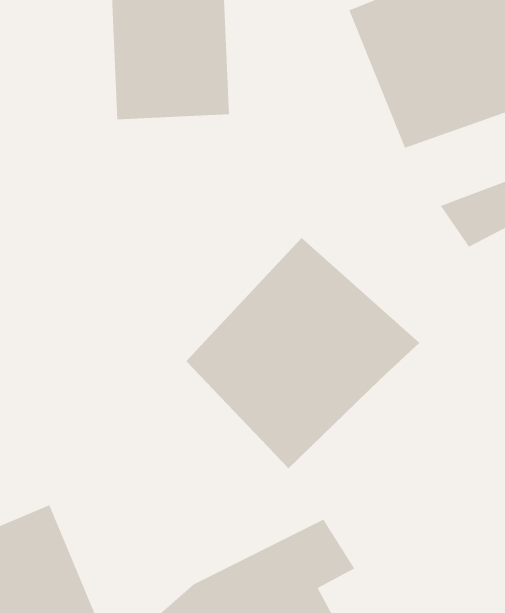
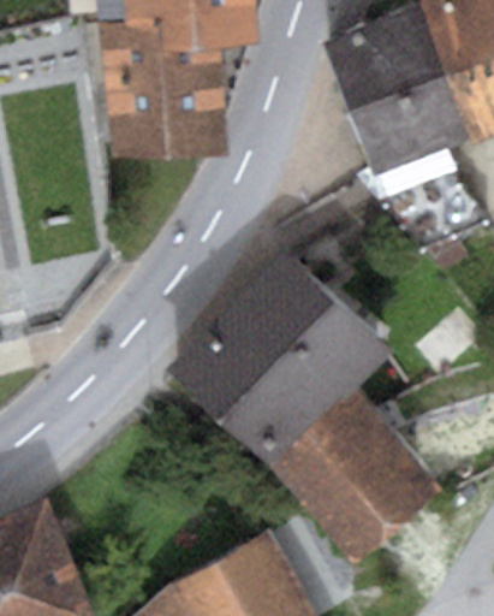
building: none -> [269,386,445,563]

